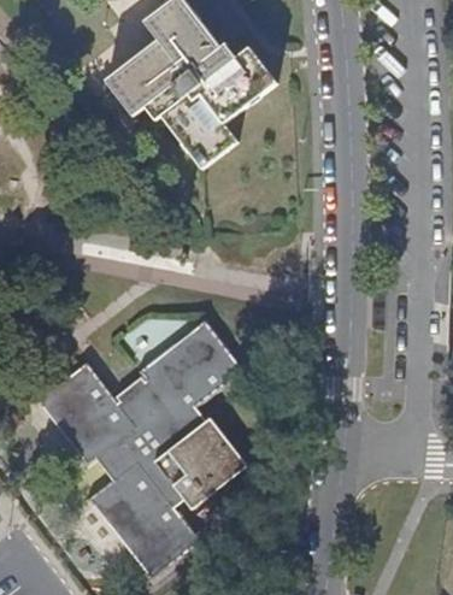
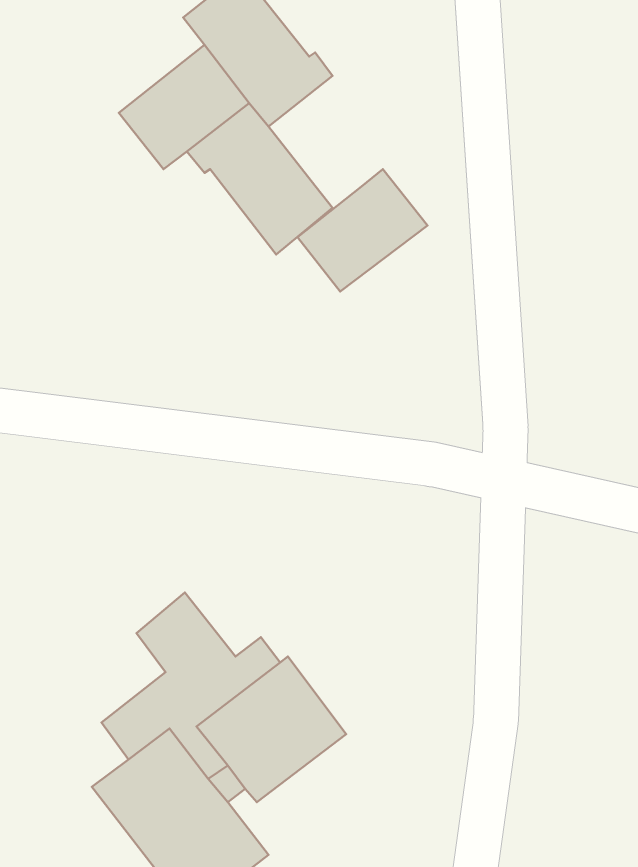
building: [199,45,280,120] -> [297,169,427,291]
building: [141,319,241,416] -> none
building: [39,361,135,461] -> none

